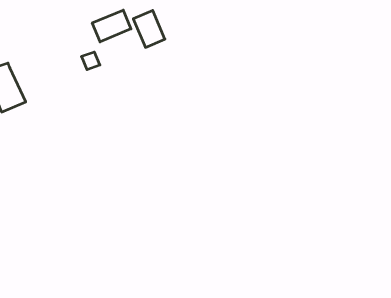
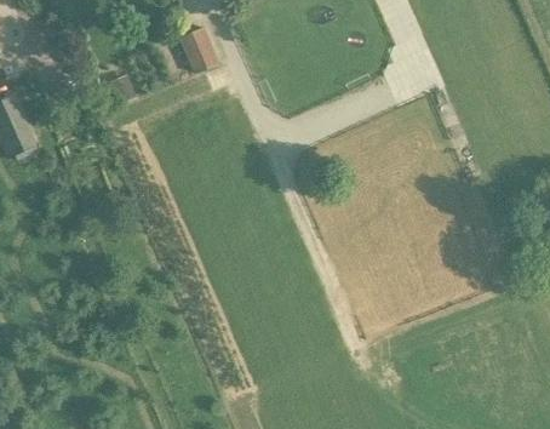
building: [92,10,131,42] -> none

